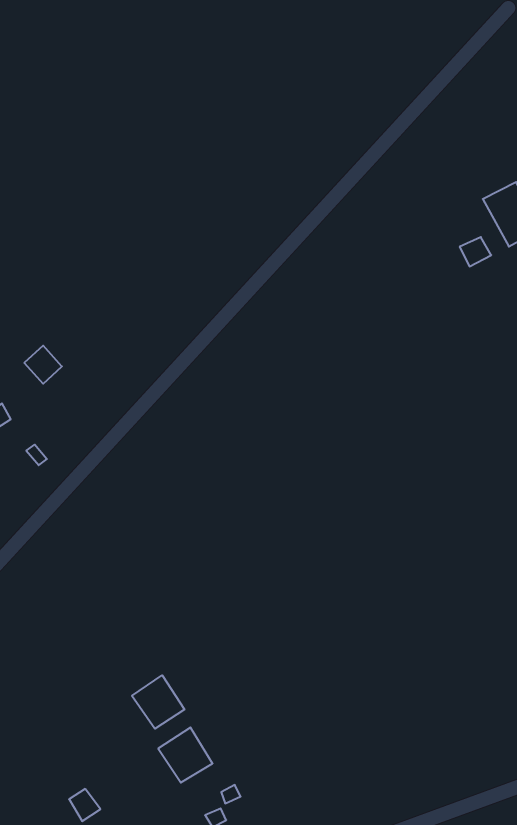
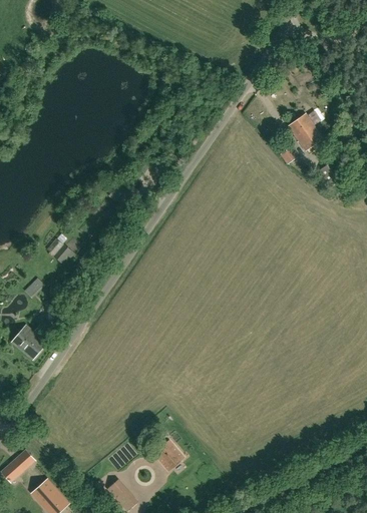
building: [132,675,184,729] -> none

